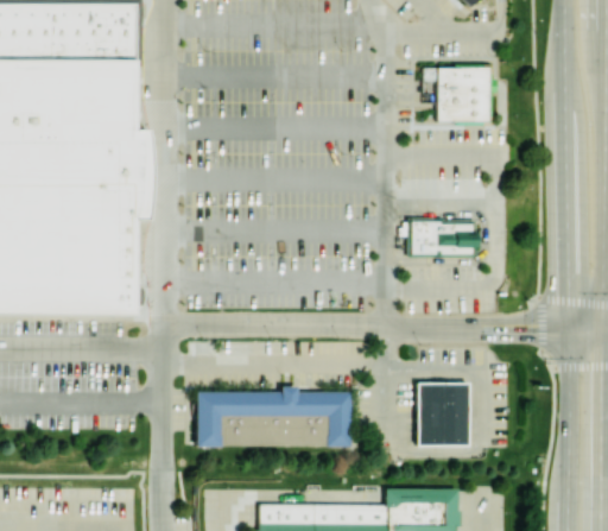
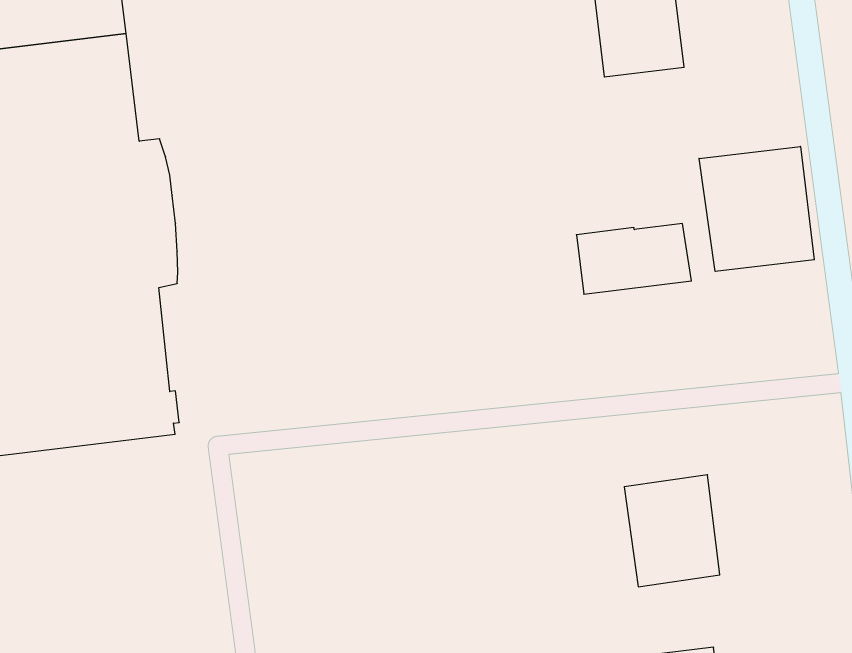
building: none -> [699,146,814,271]
building: [198,391,354,448] -> none

